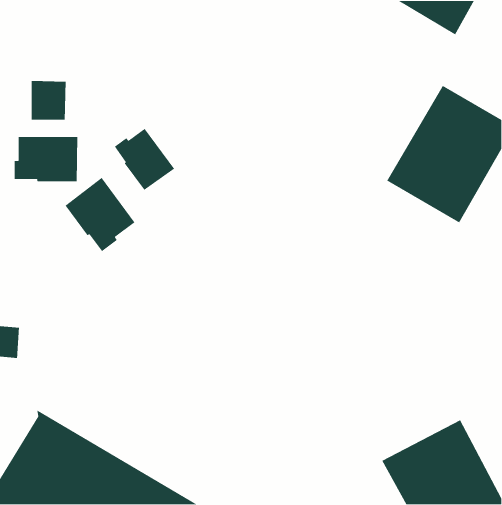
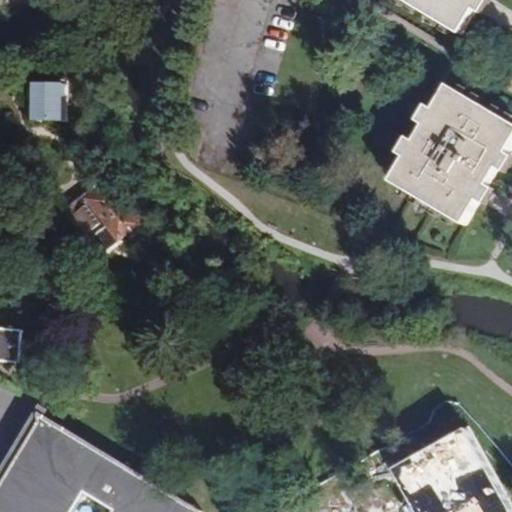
building: [114,128,175,191] -> none
building: [14,136,78,182] -> none

